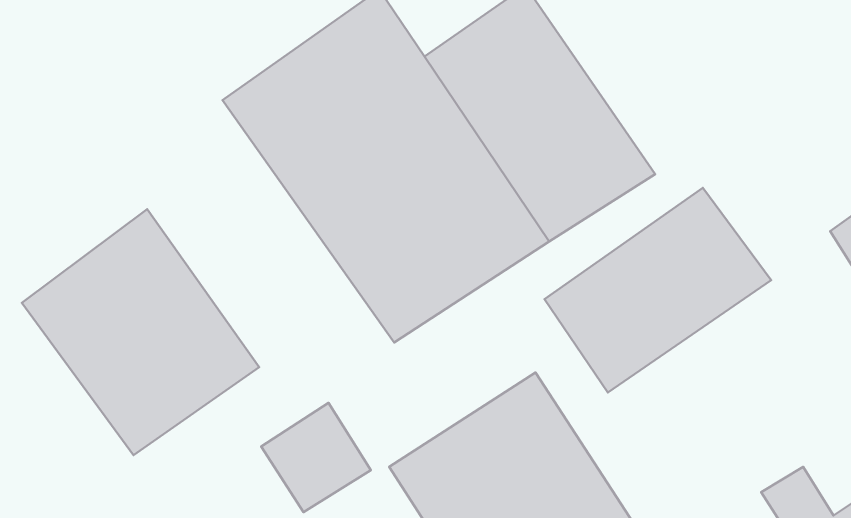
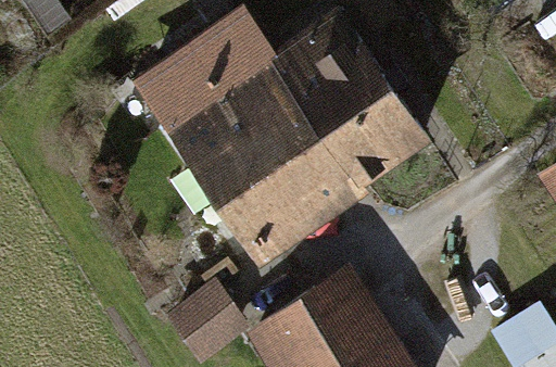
building: [544,188,771,393] -> none
building: [22,209,259,455] -> none

